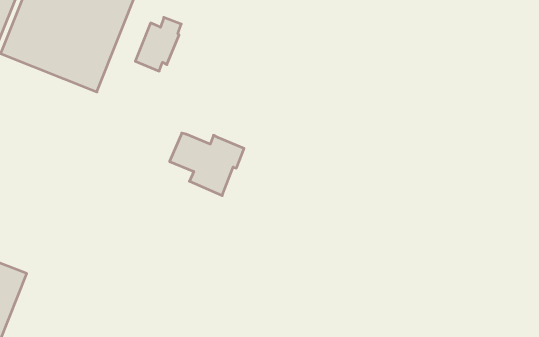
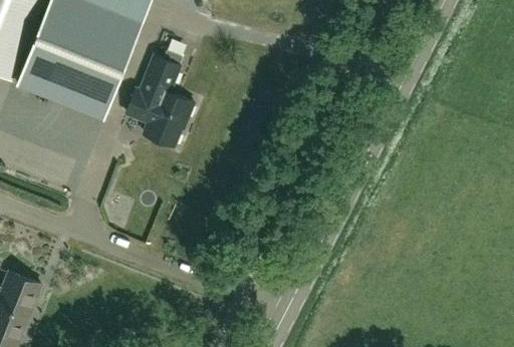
building: [170,133,244,196] -> [124,90,193,147]

